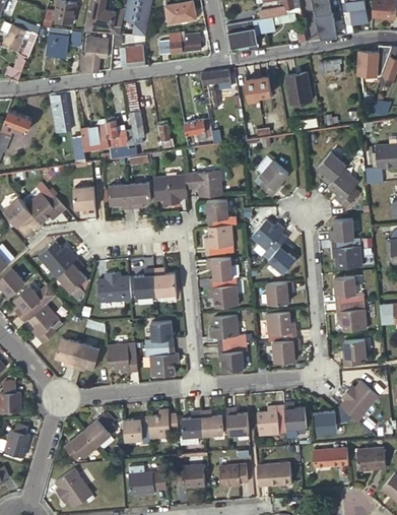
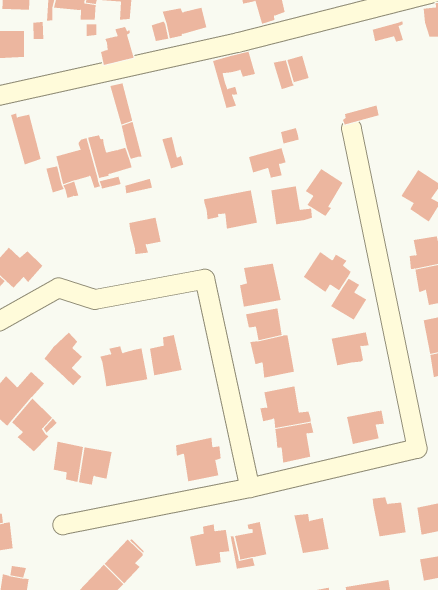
building: [80,41,109,72] -> none
building: [287,72,314,103] -> none
building: [185,119,212,140] -> [248,147,287,178]
building: [317,150,346,184] -> none
building: [153,175,187,204] -> none
building: [109,184,131,208] -> none
building: [73,186,95,213] -> none
building: [207,199,236,226] -> [270,186,313,225]
building: [38,241,77,270] -> none
building: [153,268,177,295] -> none
building: [265,312,295,341] -> none
building: [144,320,173,348] -> none
building: [107,342,137,372] -> none
building: [257,407,285,437] -> none
building: [201,410,222,435] -> none
building: [123,415,150,444] -> none

